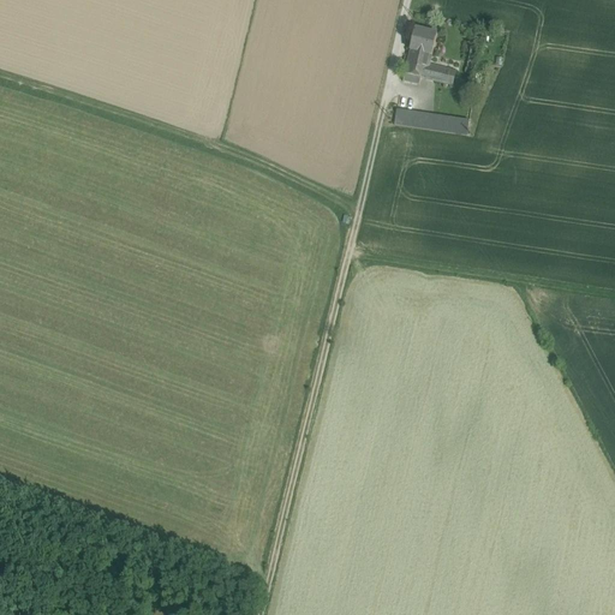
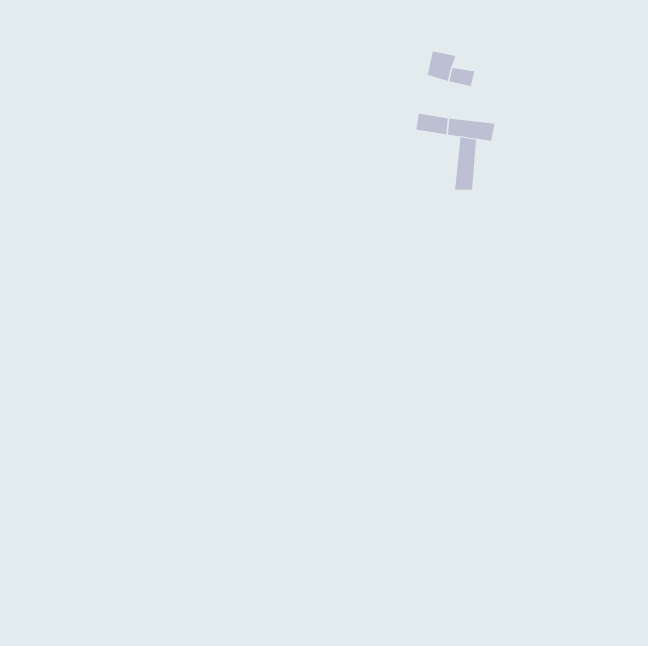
building: [408,26,436,53] -> none
building: none -> [454,137,477,191]

